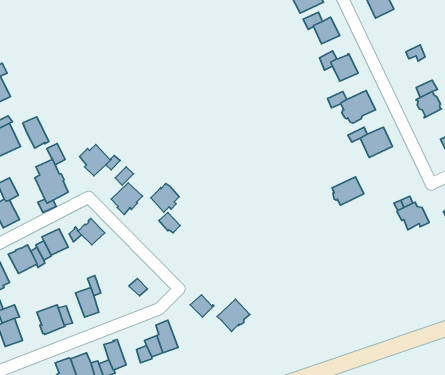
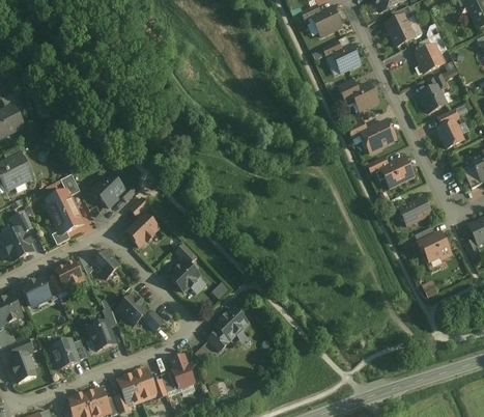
building: none -> [415,32,447,72]
building: none -> [419,84,446,112]
building: [23,117,49,148] -> none
building: [332,177,364,205] -> [398,196,430,225]
building: [151,184,179,212] -> [169,261,198,290]
building: none -> [116,294,146,325]
building: [217,299,250,332] -> [213,306,247,339]
building: none -> [132,368,154,399]

